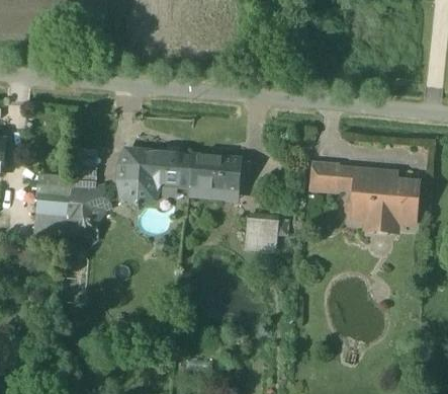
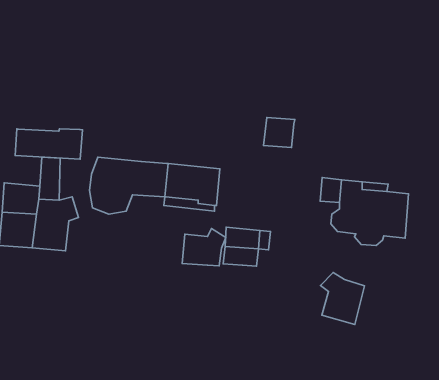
building: none -> [15,129,83,159]
building: [308,161,338,189] -> [264,117,295,148]
building: none -> [182,229,226,266]
building: none -> [320,272,365,325]

